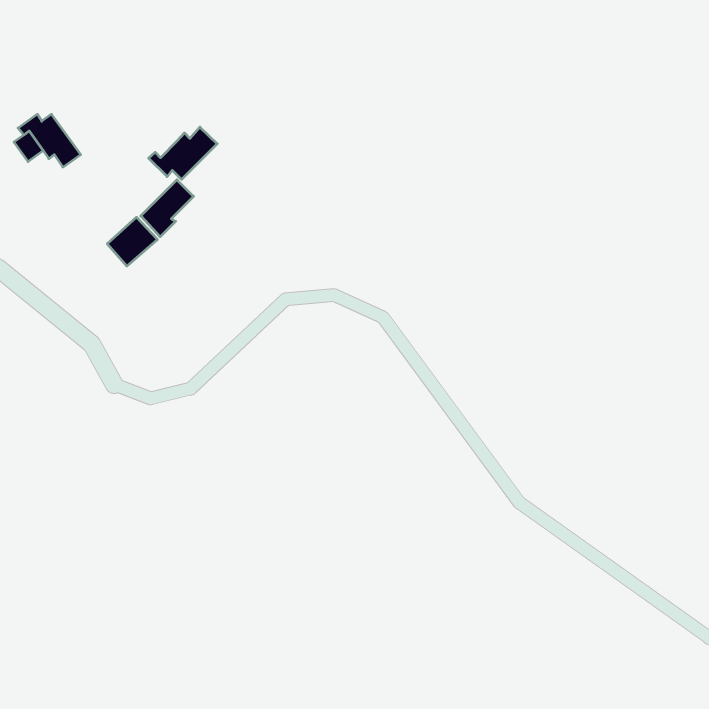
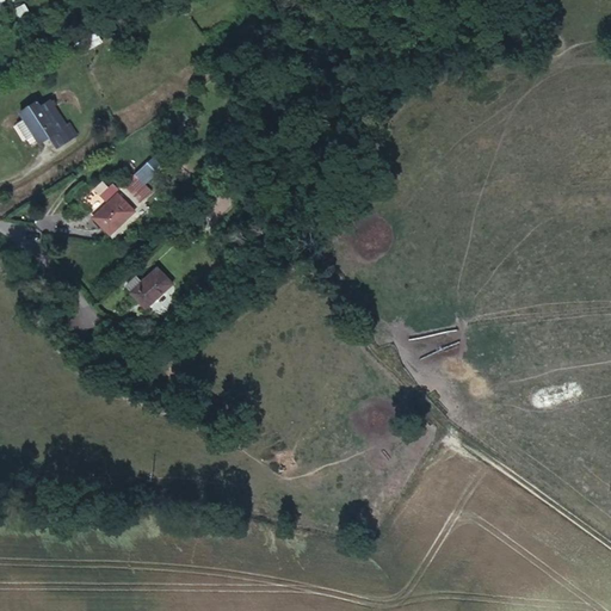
building: [149,127,217,179] -> none
building: none -> [130,269,175,311]

